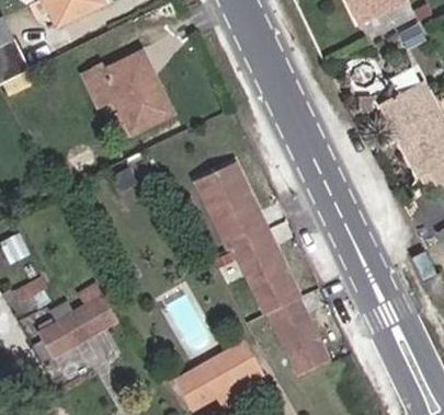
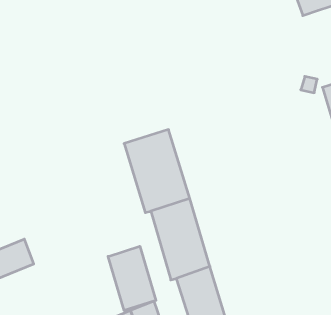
building: [87,54,173,130] -> none
building: none -> [108,246,156,311]

